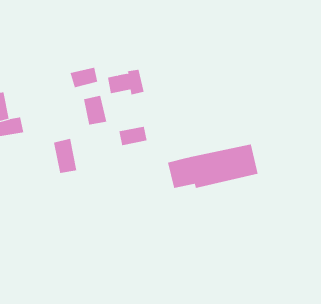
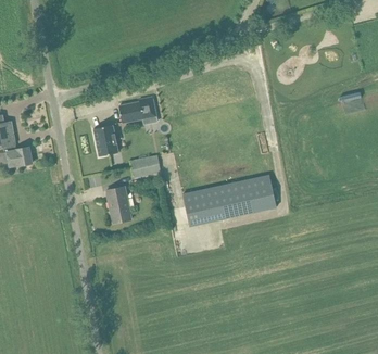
building: [70,67,98,88] -> none
building: [53,138,77,174] -> [108,186,133,223]

